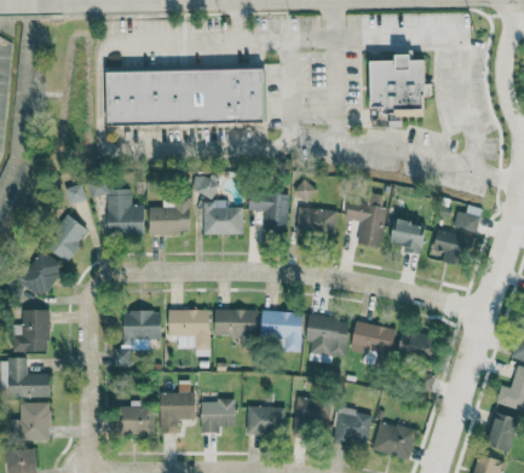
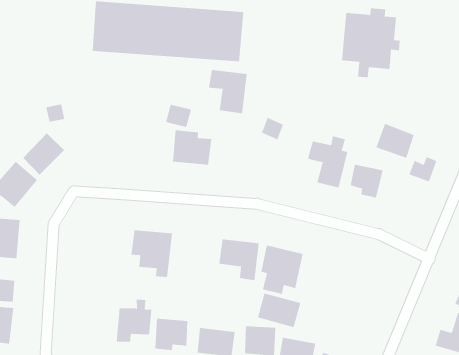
building: [90,179,145,236] -> none
building: [249,191,289,235] -> [208,70,248,114]
building: [150,198,191,235] -> none
building: [298,208,336,236] -> none
building: [431,229,471,264] -> [375,123,415,158]
building: [215,308,257,336] -> none
building: [115,311,162,367] -> none
building: [351,322,396,356] -> [257,293,301,328]
building: [401,331,436,357] -> none
building: [116,406,155,434] -> none

